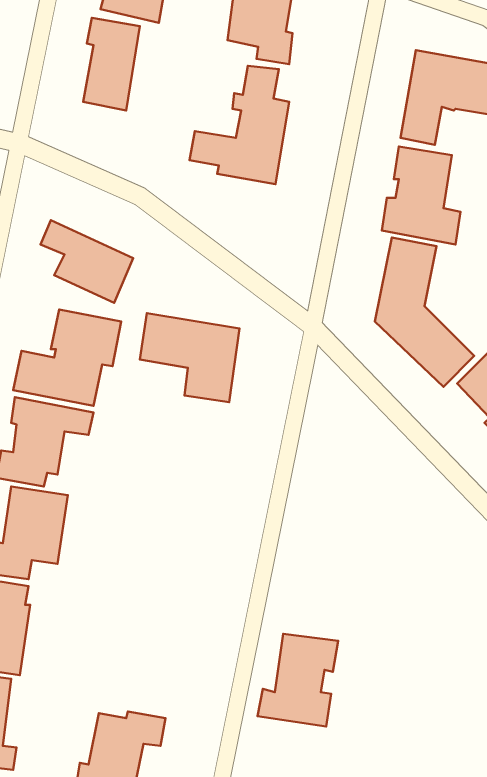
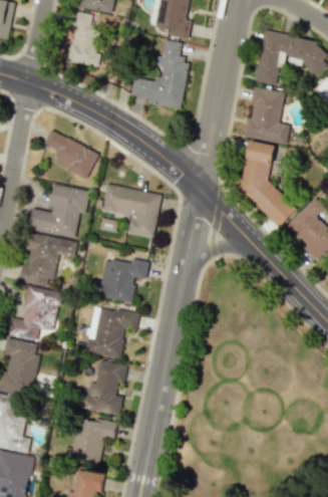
building: none -> [97,258,147,302]
building: none -> [85,305,138,357]
building: [258,634,338,727] -> [78,360,125,415]

